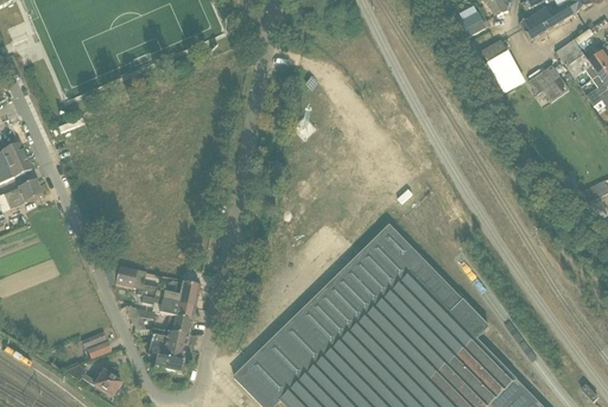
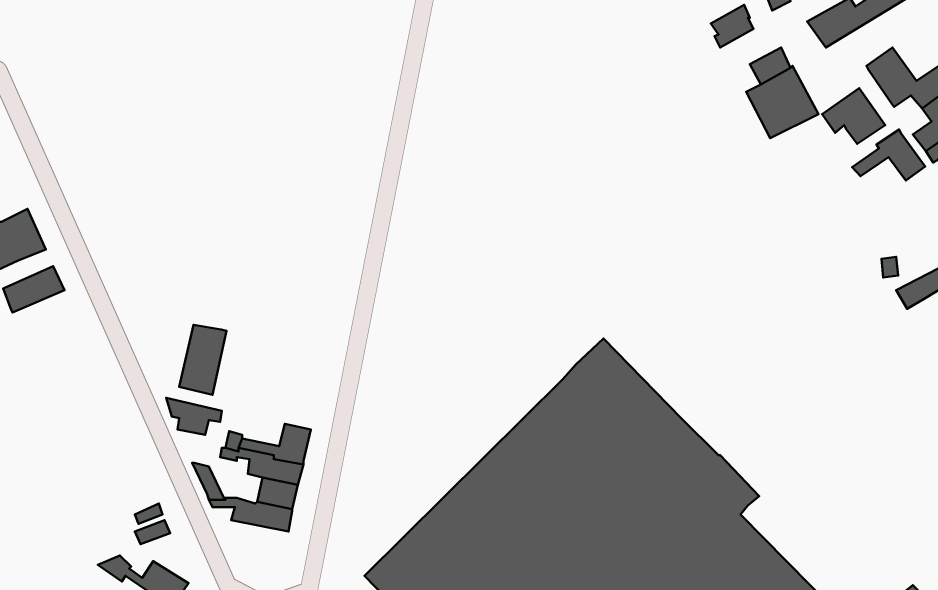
building: none -> [852,130,925,180]
building: none -> [179,325,226,395]
building: [146,339,185,371] -> none

